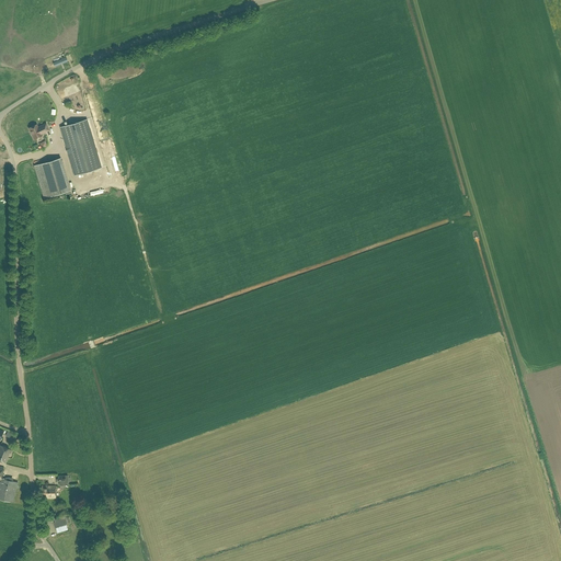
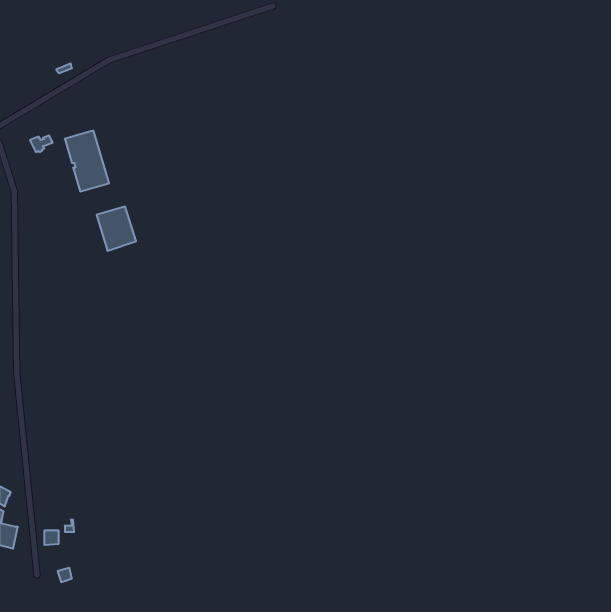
building: [33,158,69,198] -> [97,207,136,251]

